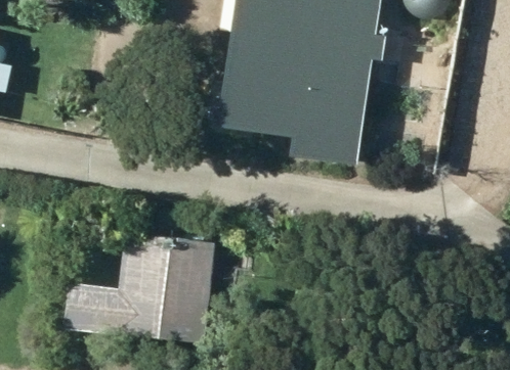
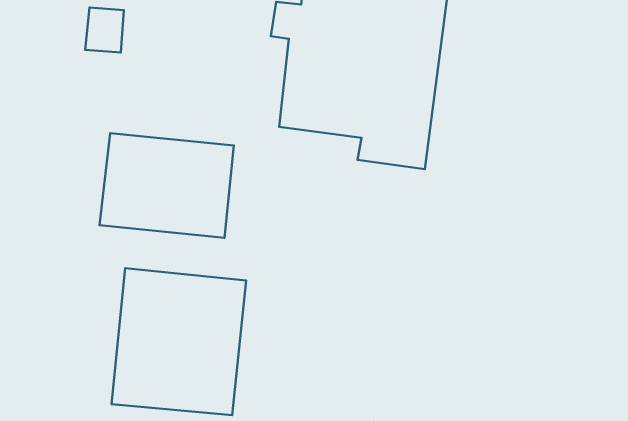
building: none -> [100,133,234,238]

